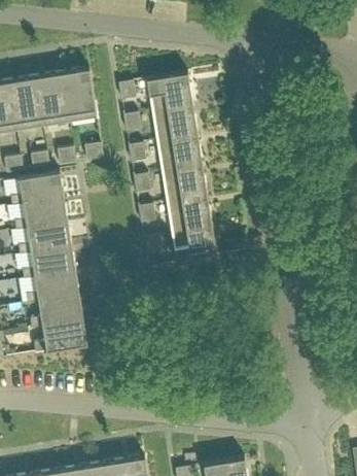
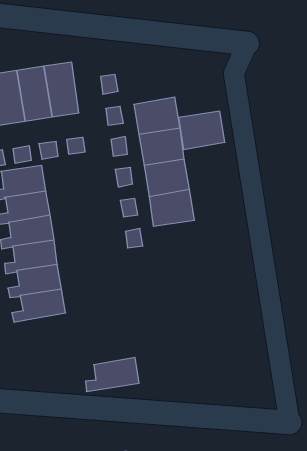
building: [146,72,192,110] -> [178,111,225,149]
building: [171,226,217,264] -> none
building: [34,318,87,352] -> [85,358,139,392]

